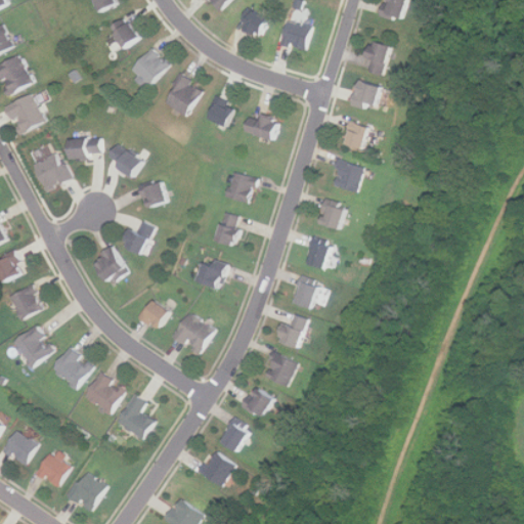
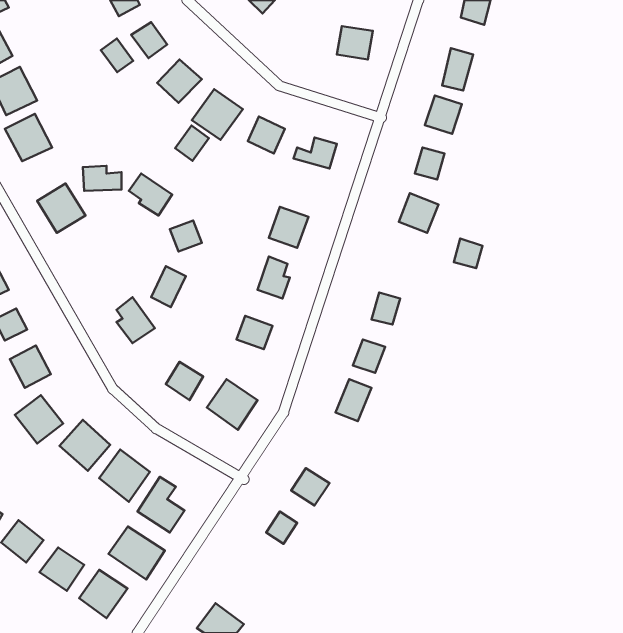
building: [242,10,267,36] -> none
building: none -> [101,39,133,72]
building: none -> [175,125,209,161]
building: [319,204,343,228] -> [454,239,482,268]
building: [262,353,294,385] -> none
building: none -> [108,526,165,579]
building: [196,450,232,486] -> none

